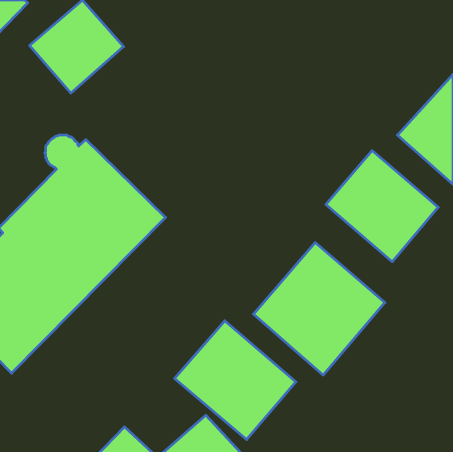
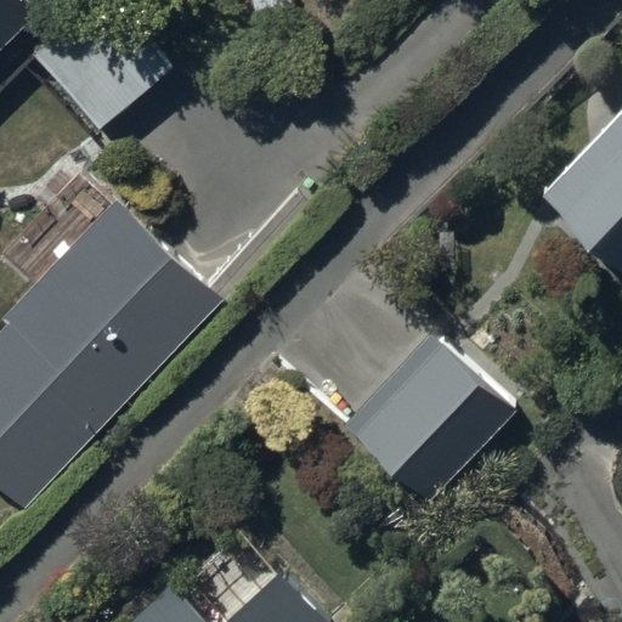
building: [326,151,438,262] -> none
building: [175,321,296,440] -> none

